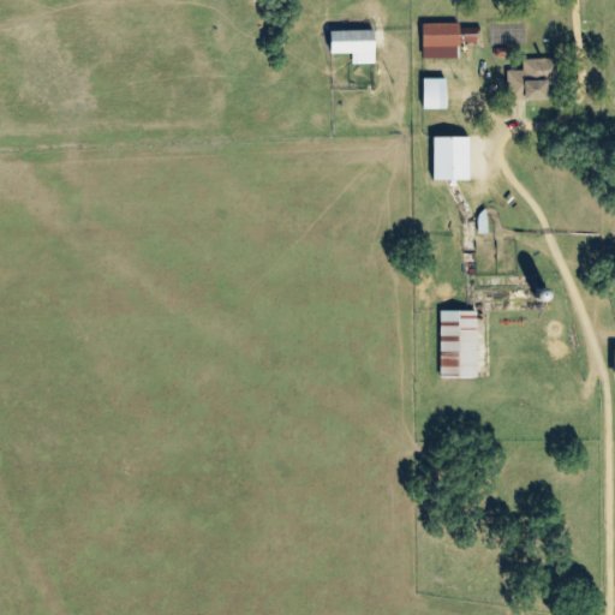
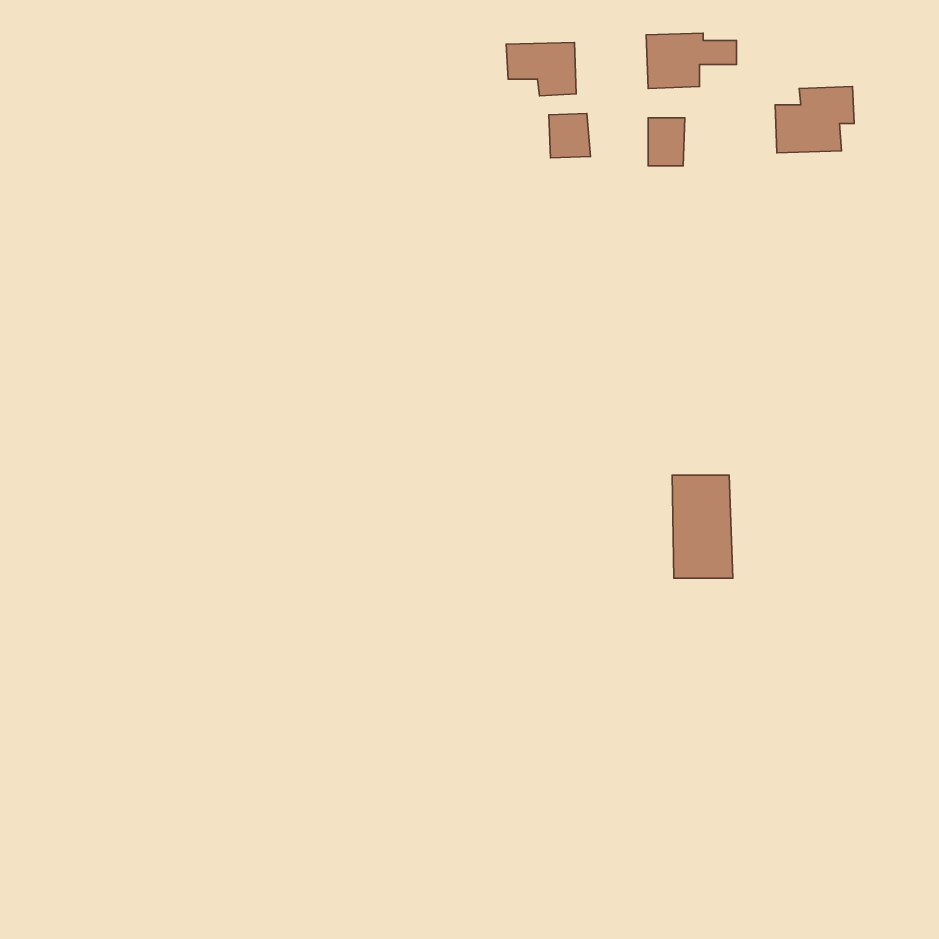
building: none -> [549,113,590,158]
building: [434,135,470,179] -> none

